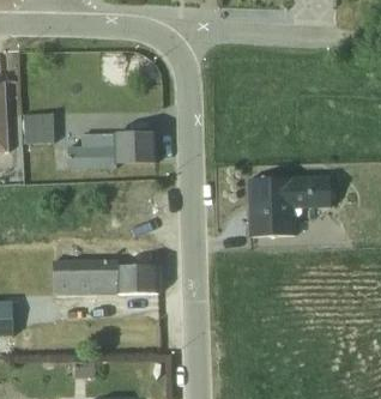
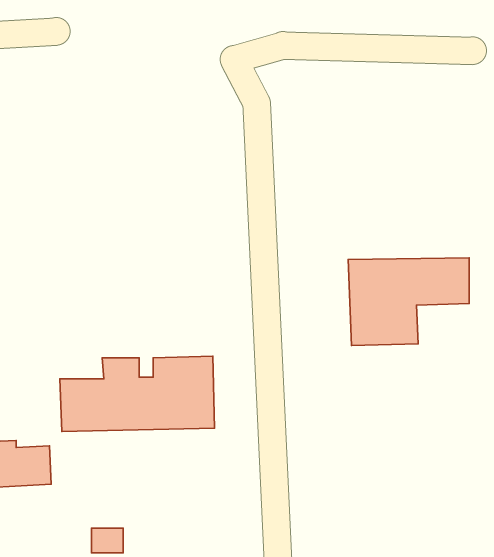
building: [22,113,55,143] -> none
building: [68,132,156,169] -> none

